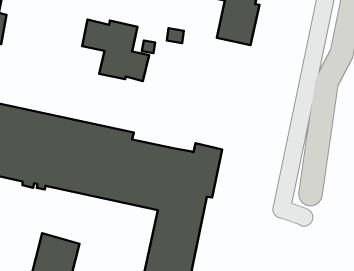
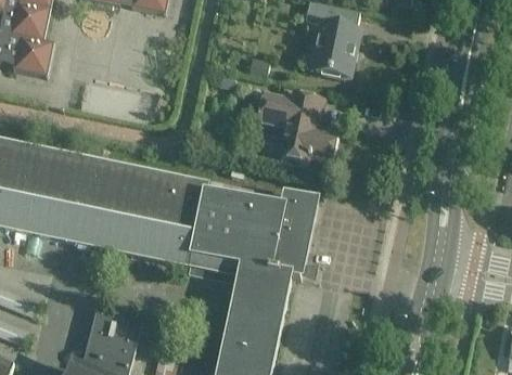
building: [82,20,149,81] -> [256,89,337,164]

